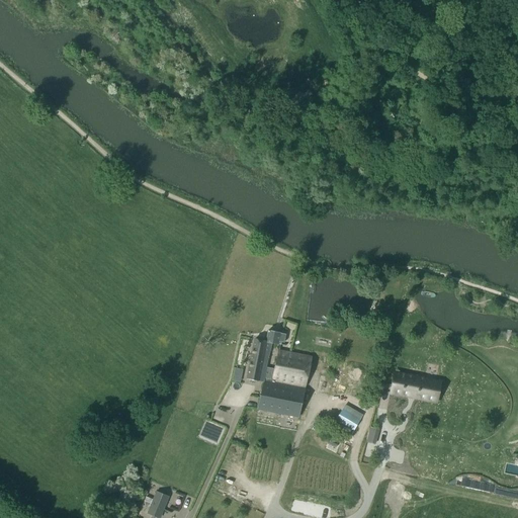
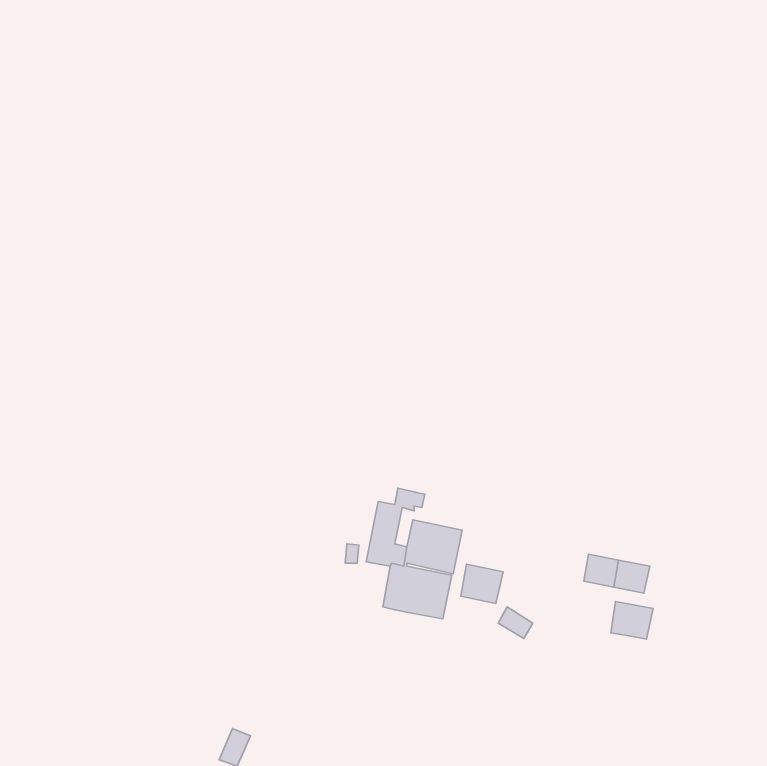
building: none -> [461,564,503,603]
building: none -> [611,601,653,639]

